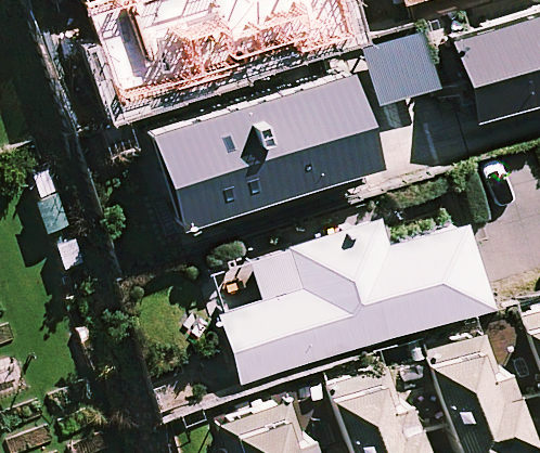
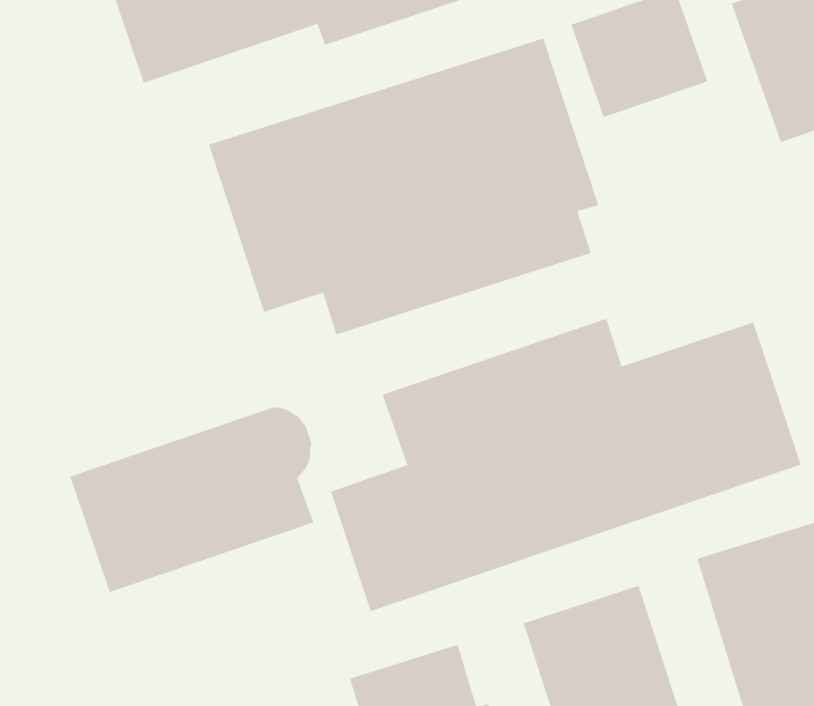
building: none -> [69,407,314,593]

